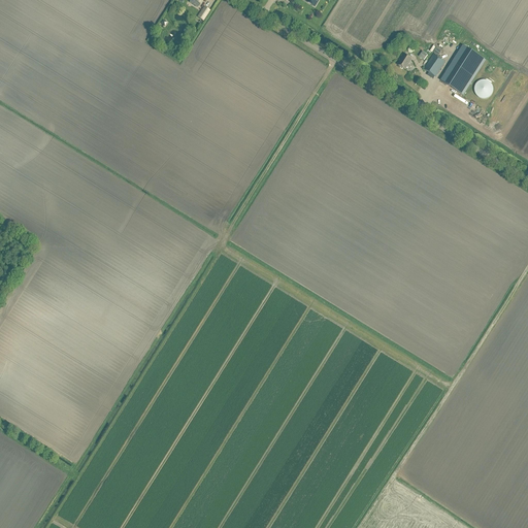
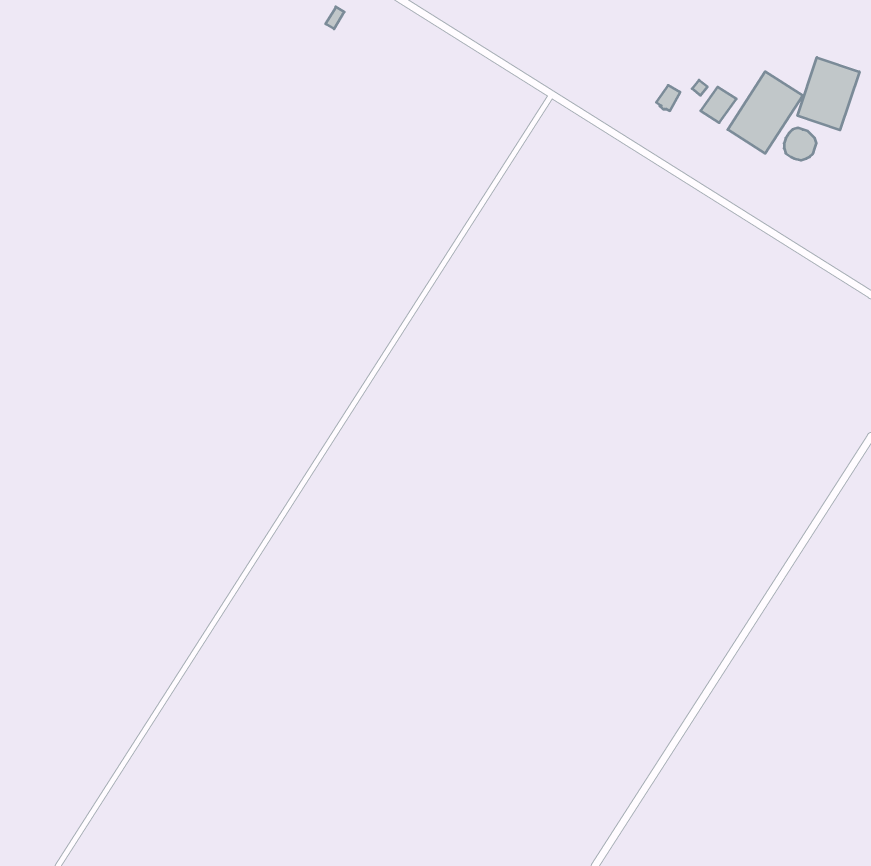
building: none -> [798,57,859,130]

